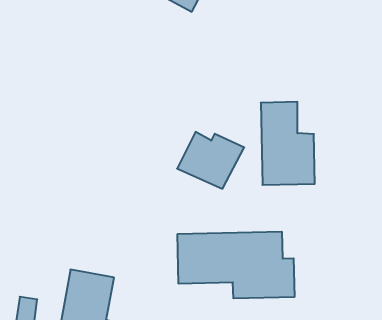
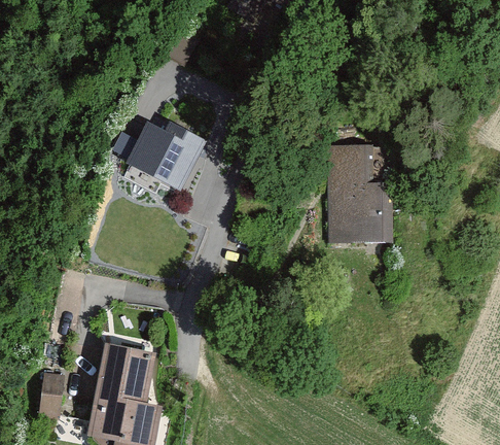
building: [177,132,244,189] -> [127,121,206,187]
building: [178,232,294,298] -> none

